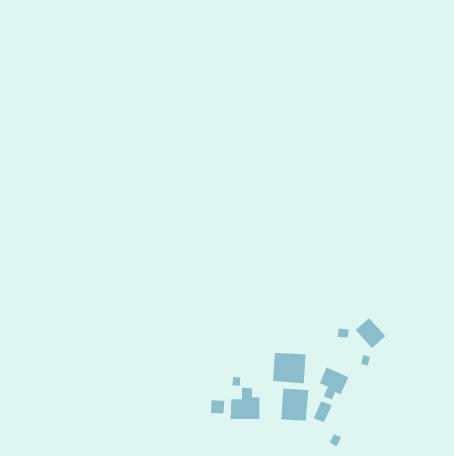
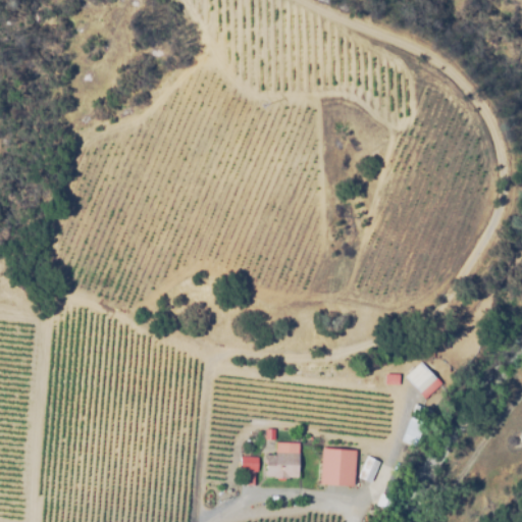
building: [273,352,306,384] -> none
building: [319,366,349,400] -> none

